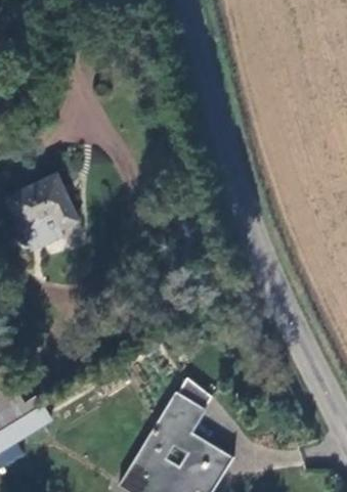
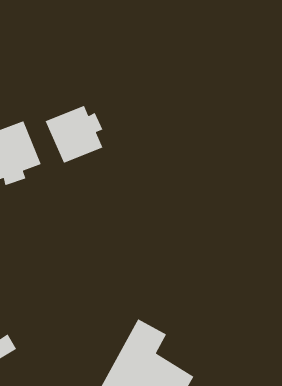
building: none -> [44,105,103,164]

